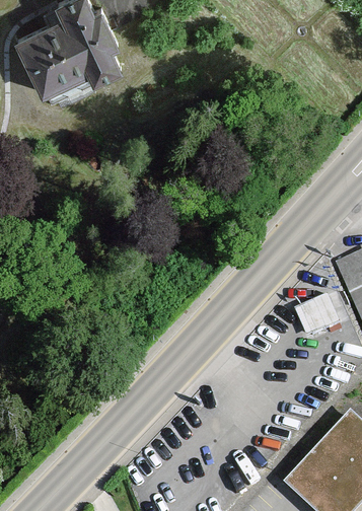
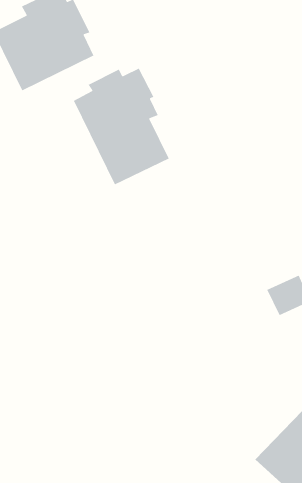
building: none -> [73,67,170,185]

